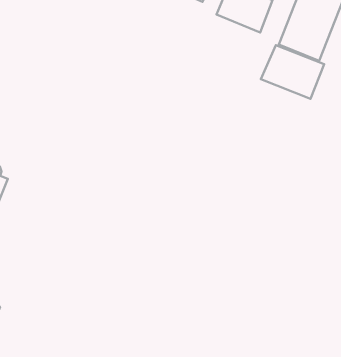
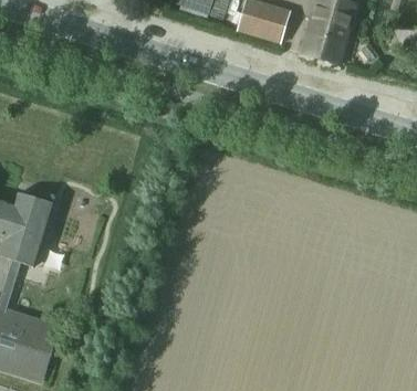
building: [261,45,324,99] -> none

